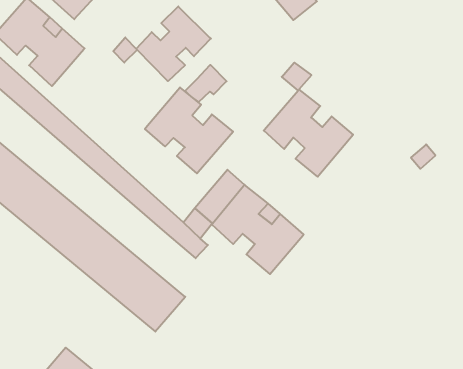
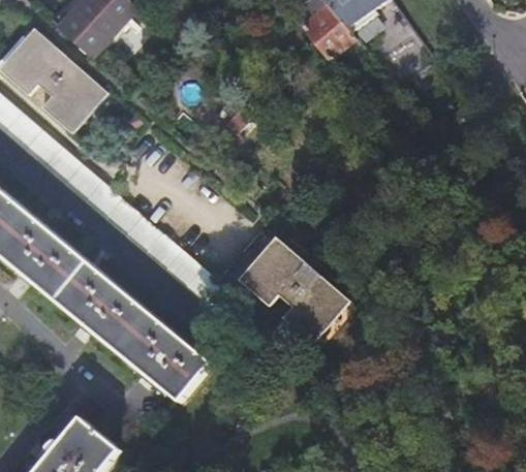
building: [113,6,211,81] -> none
building: [264,63,353,177] -> none
building: [145,87,233,173] -> none

